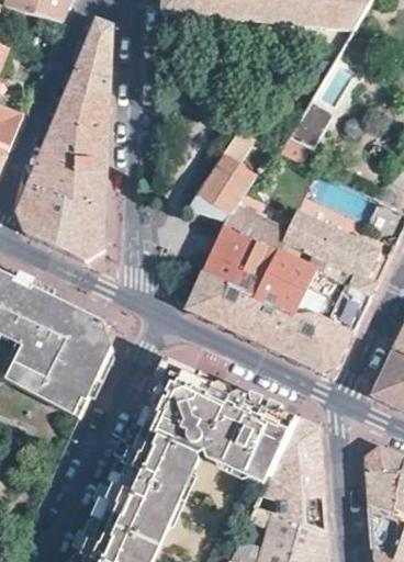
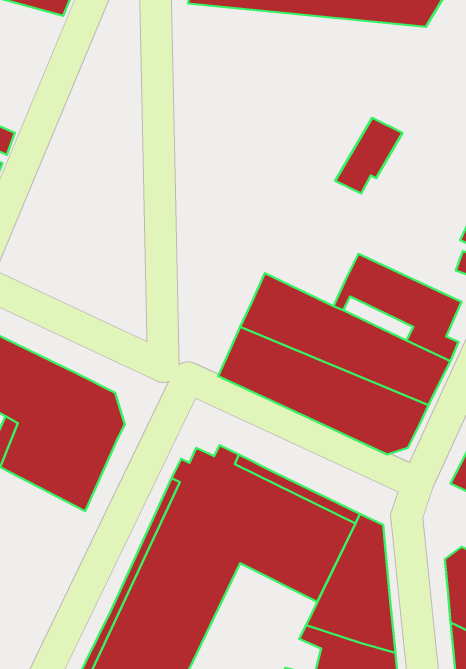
building: [18,19,111,260] -> none
building: [190,130,288,251] -> none

